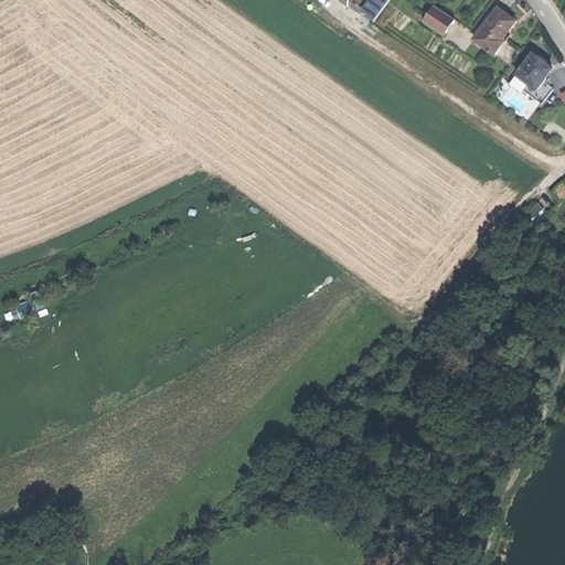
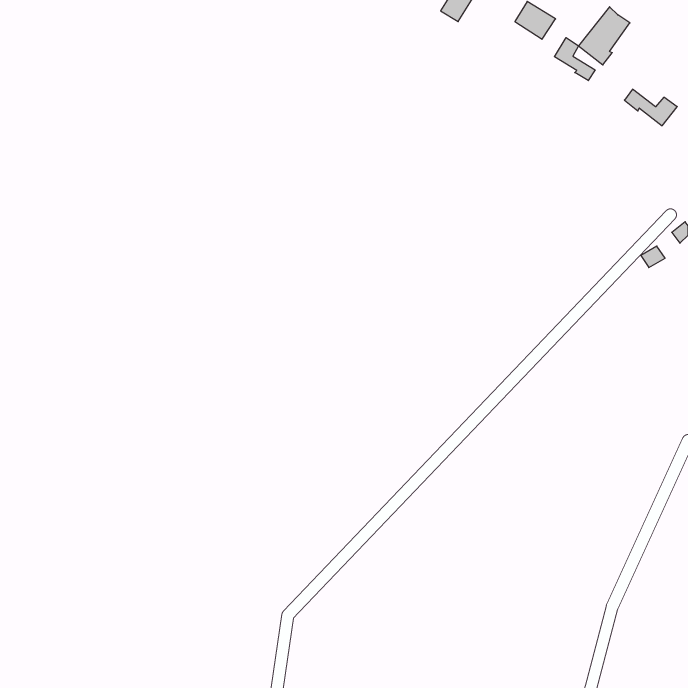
building: none -> [554,38,595,81]
building: [516,53,551,87] -> none

